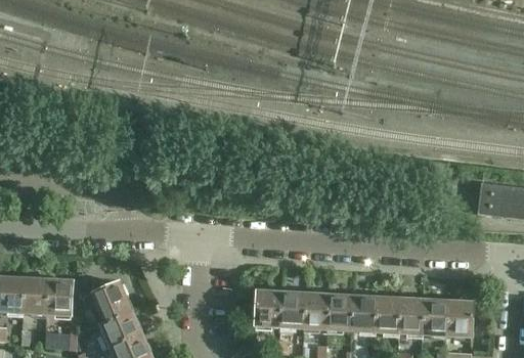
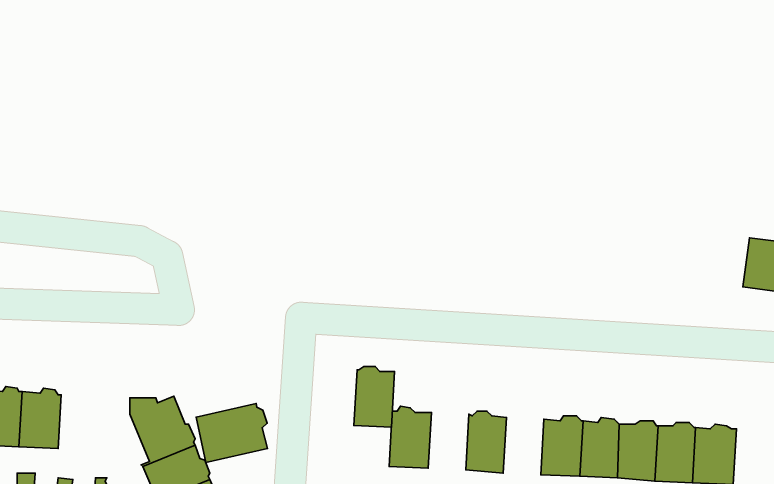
building: [46,279,73,316] -> none
building: none -> [196,403,267,462]
building: [278,290,304,328] -> [354,367,395,427]
building: [325,293,351,331] -> none

